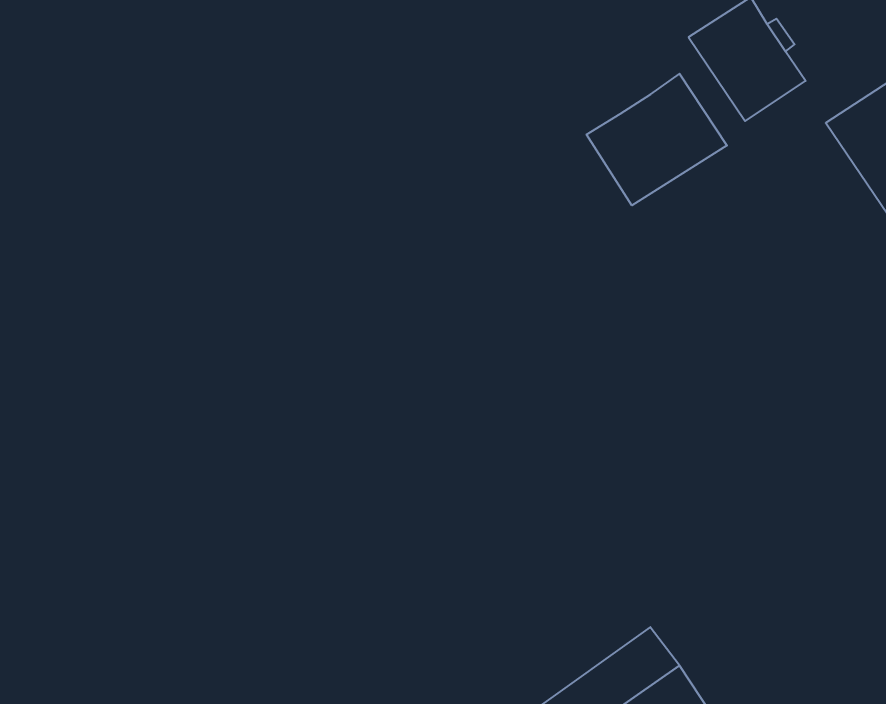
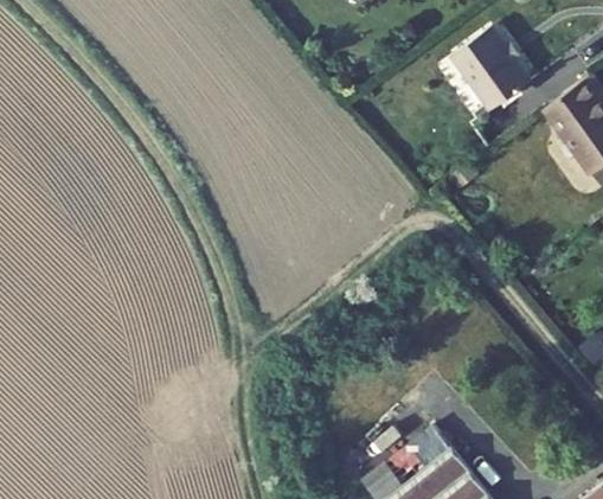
building: [587,74,727,205] -> none

